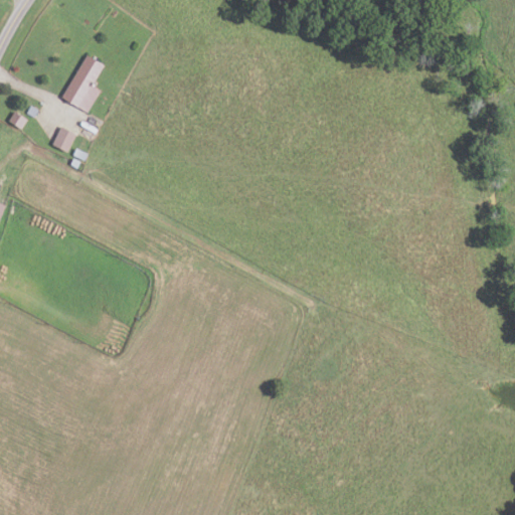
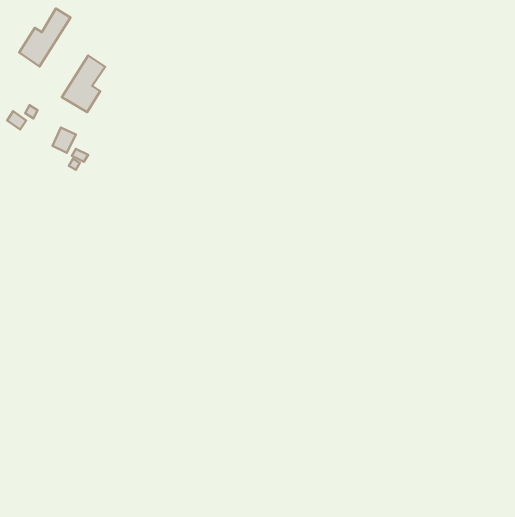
building: none -> [19,9,70,67]

